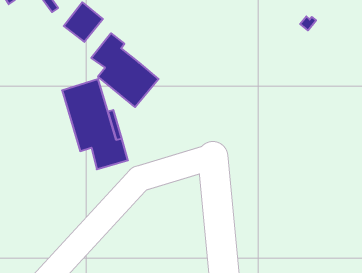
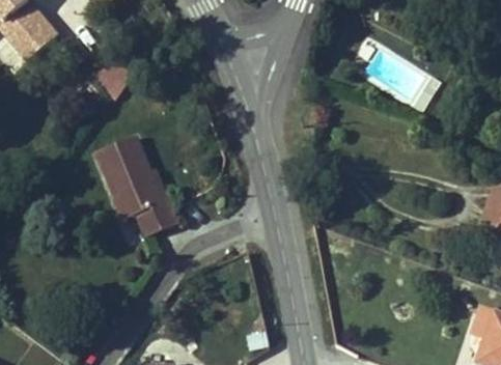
building: [91,33,159,107] -> none

